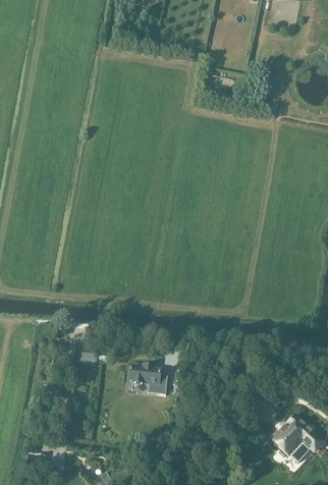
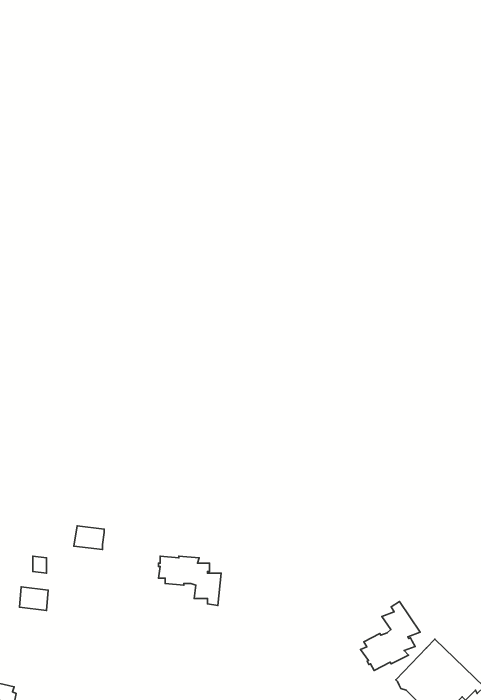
building: none -> [361,601,420,671]

